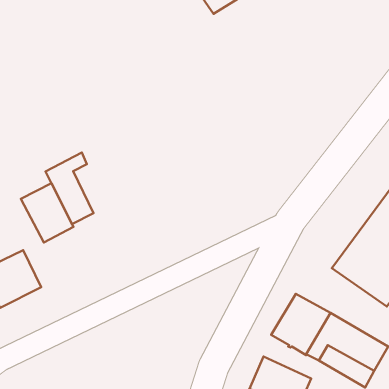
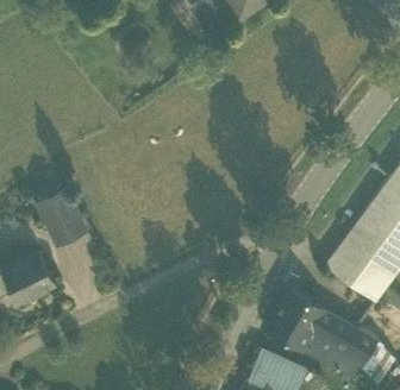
building: [46,153,94,224] -> none

